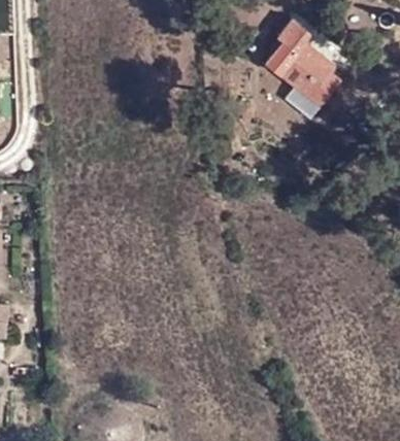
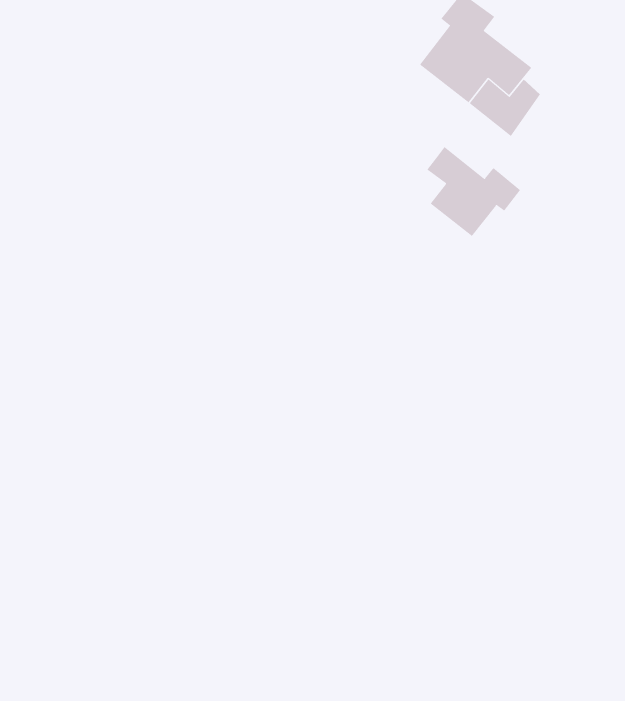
building: none -> [427,146,521,237]

